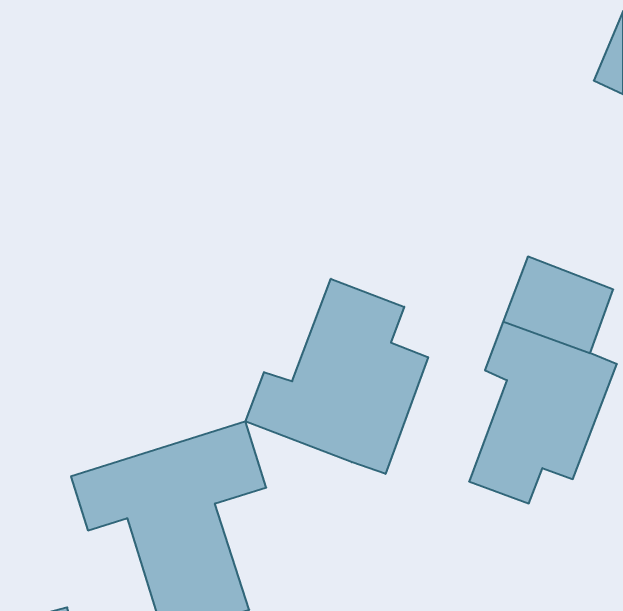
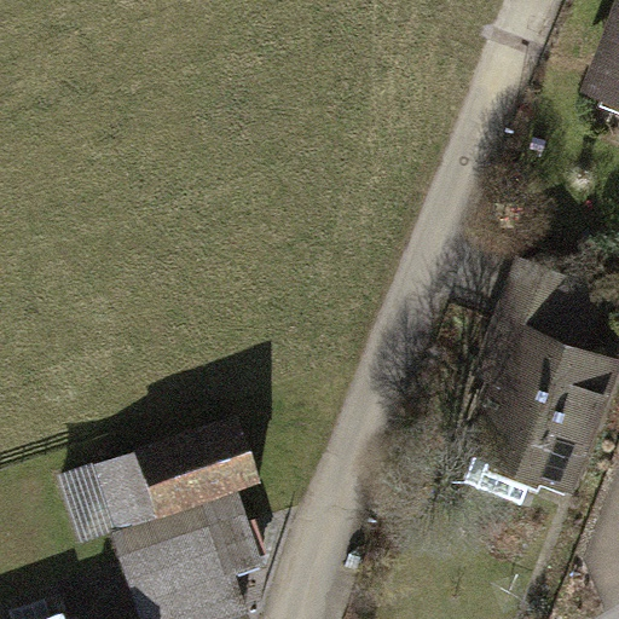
building: [246,279,428,474] -> none

